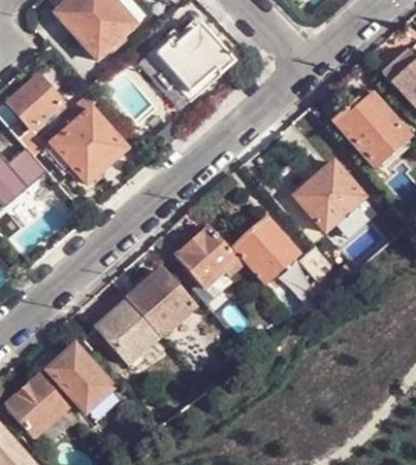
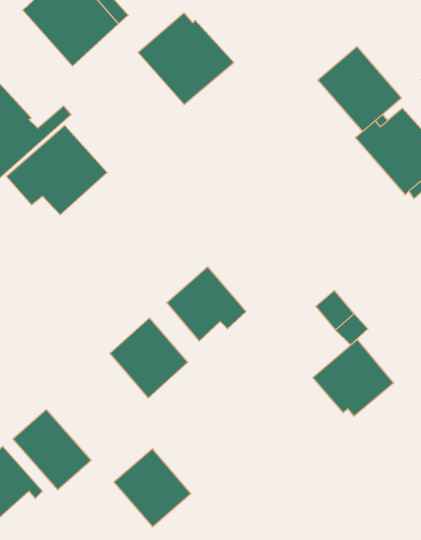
building: none -> [318,47,402,131]
building: [293,160,362,229] -> none
building: [230,218,297,281] -> [313,339,394,416]
building: [96,298,160,363] -> [114,449,191,527]

